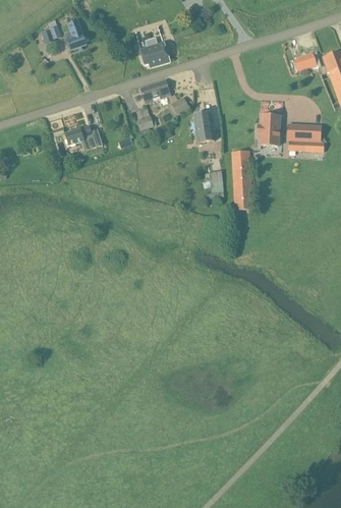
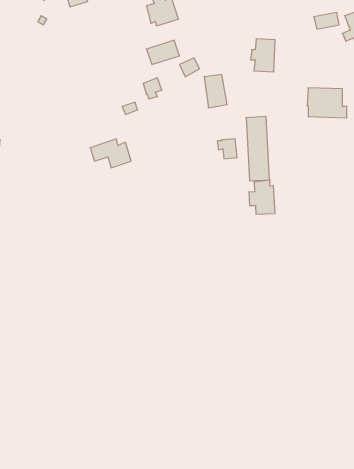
building: [257,114,279,145] -> [251,39,275,72]
building: [64,124,102,151] -> [90,139,131,168]
building: none -> [249,180,275,214]

